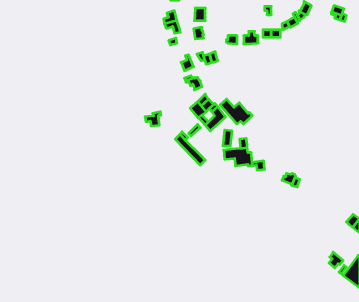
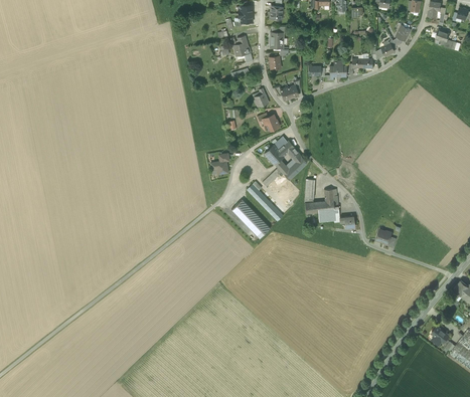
building: [220,99,252,124] -> none
building: none -> [231,199,270,239]

